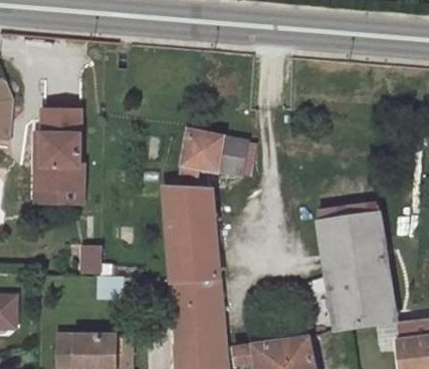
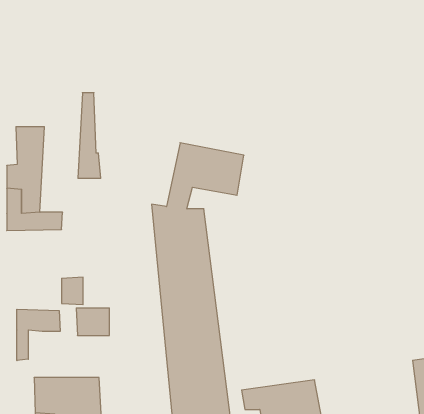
building: [64,114,84,190] -> [78,93,101,178]
building: [315,212,393,327] -> none
building: none -> [17,309,60,361]

